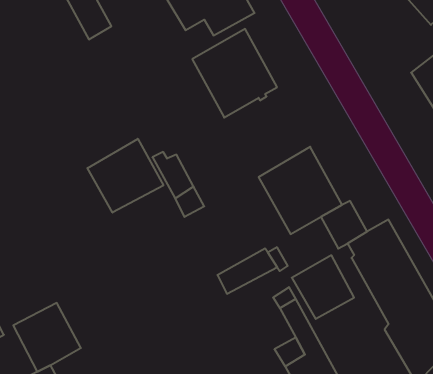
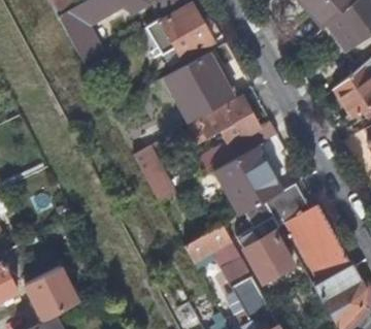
building: none -> [196,95,278,173]
building: [87,139,163,213] -> none

